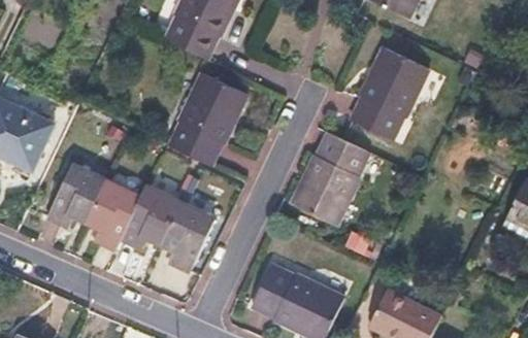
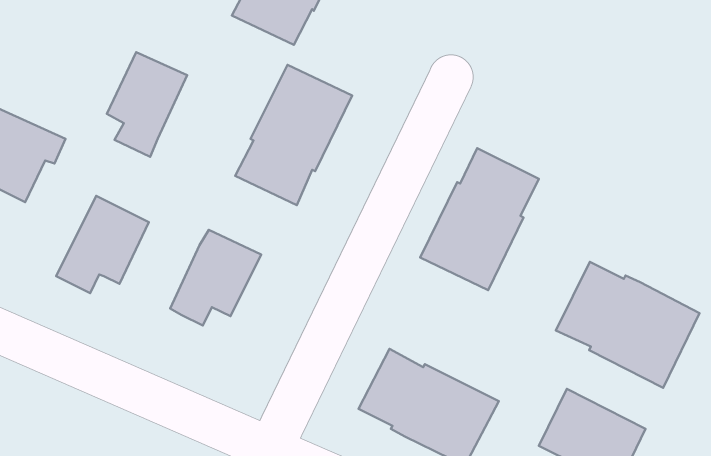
building: [352,43,432,138] -> none
building: [90,179,143,249] -> [107,52,187,157]
building: [164,201,218,270] -> none
building: none -> [556,262,700,388]

